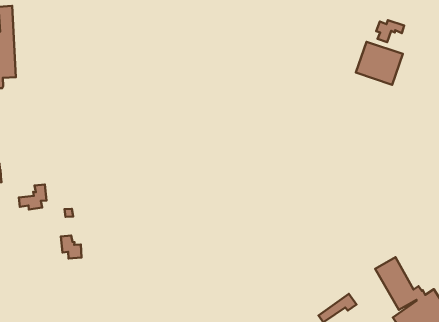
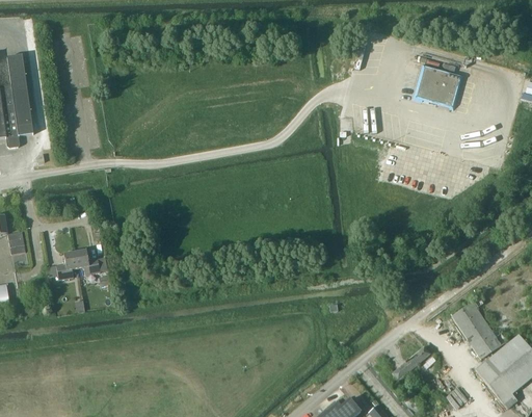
building: [376,20,404,42] -> none
building: [61,235,82,258] -> [75,247,100,273]

